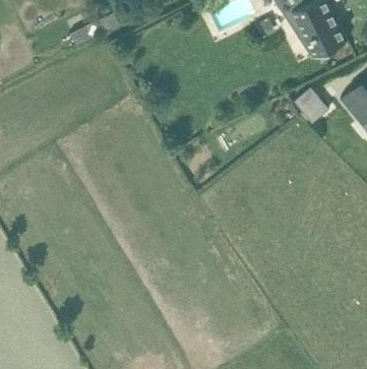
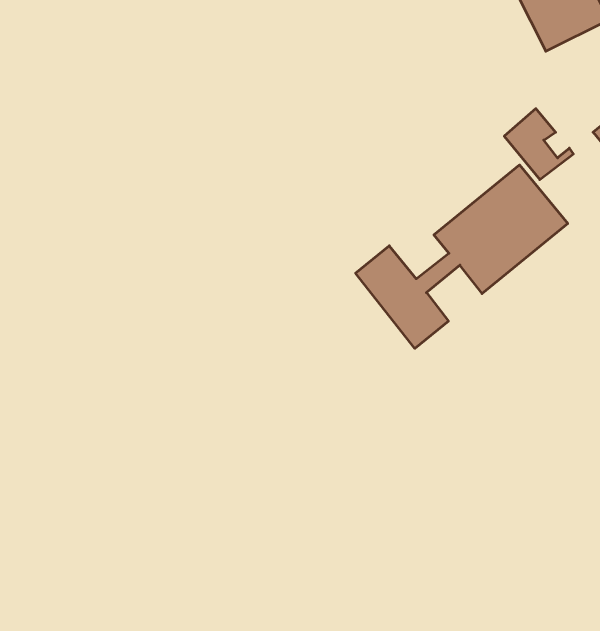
building: none -> [356,165,568,348]

